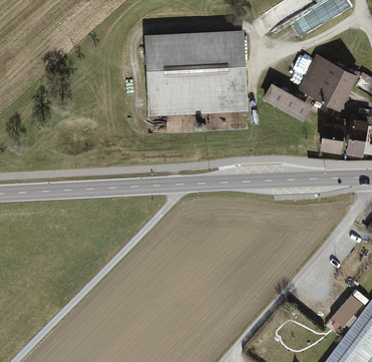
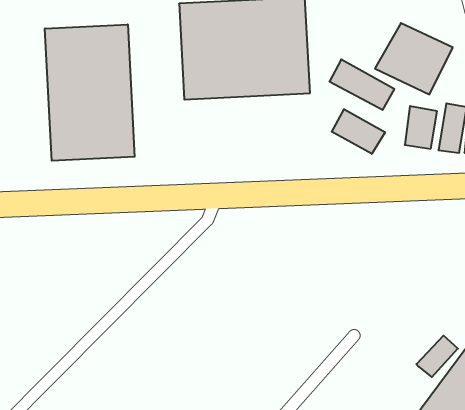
building: none -> [45,24,135,161]
building: none -> [332,109,385,154]

